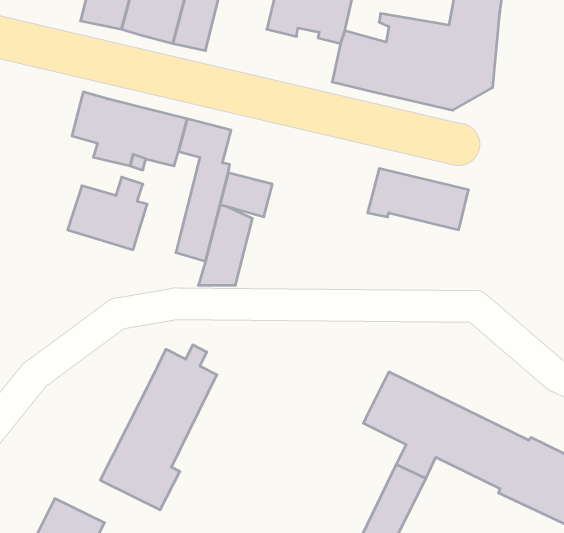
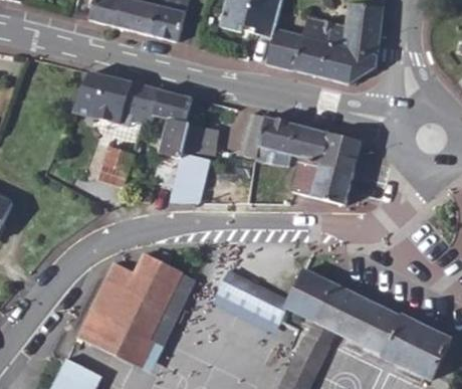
building: none -> [241,114,296,157]
building: none -> [294,157,353,204]
building: none -> [78,262,137,346]
building: none -> [219,271,288,325]

